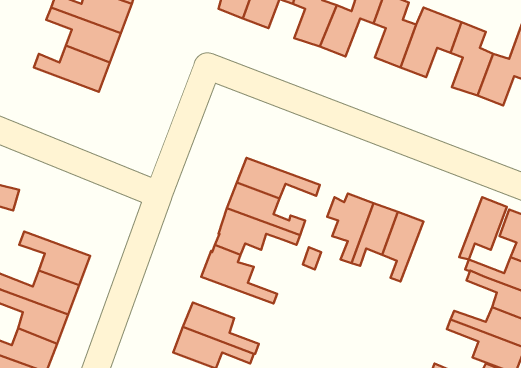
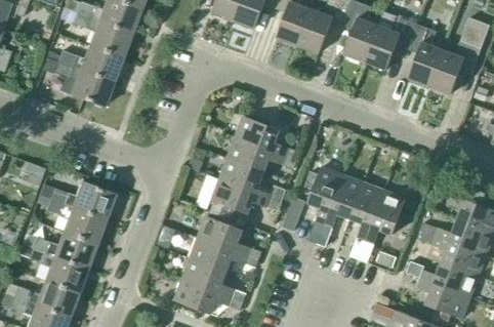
building: none -> [53,62,112,107]
building: none -> [236,116,299,160]
building: [459,197,507,260] -> [365,191,405,243]
building: none -> [49,181,114,219]
building: none -> [191,237,258,272]

